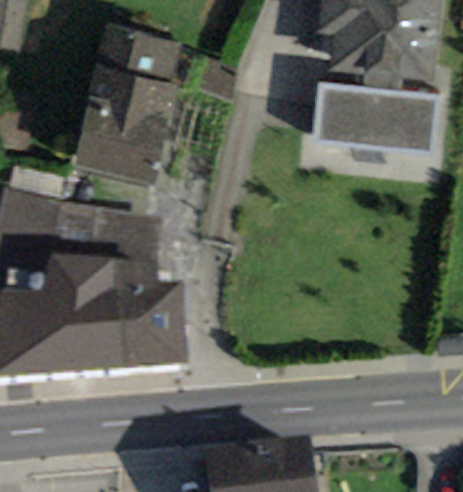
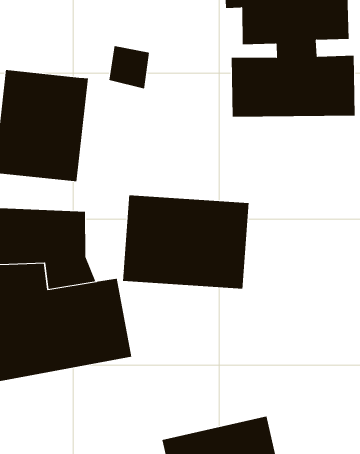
building: [95,27,175,86] -> none
building: none -> [123,194,249,289]

